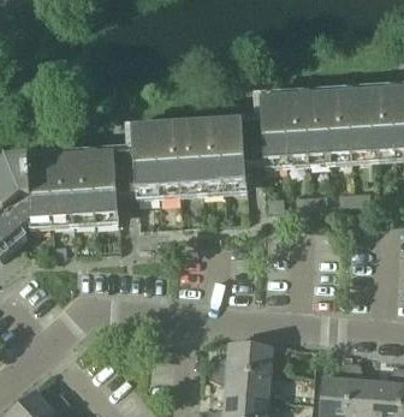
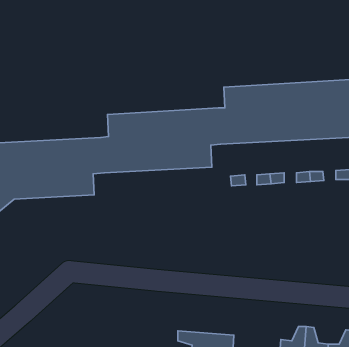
building: [209,342,273,371] -> none

